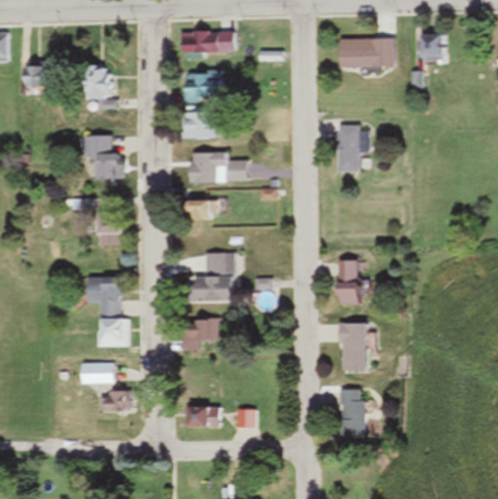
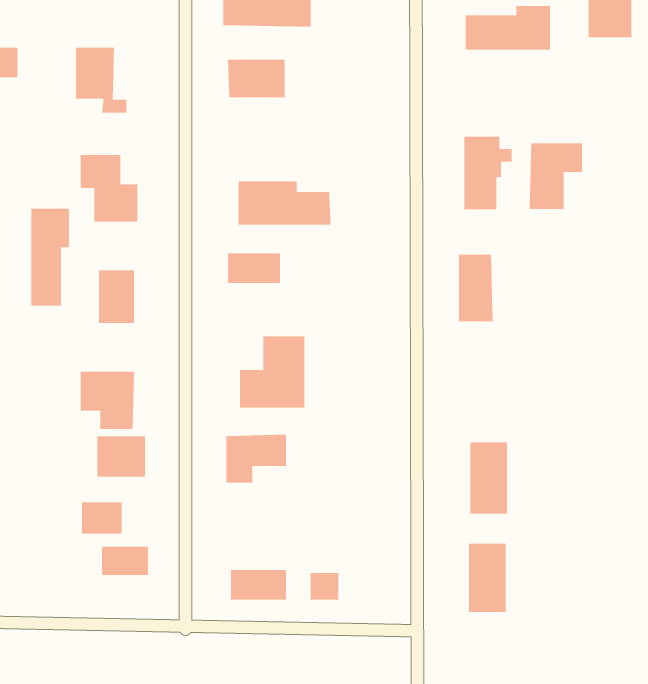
building: [181,111,217,137] -> none
building: none -> [529,143,583,210]
building: none -> [31,208,70,306]
building: [337,261,360,305] -> [458,254,493,322]

